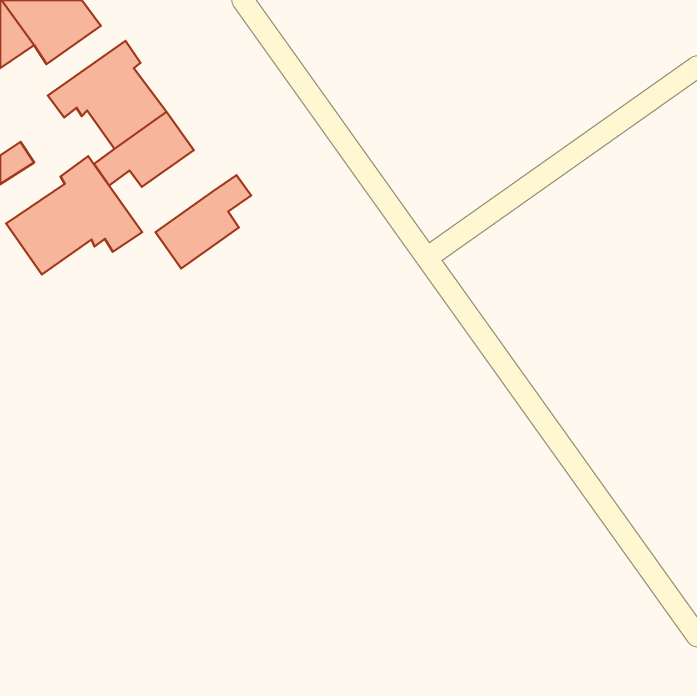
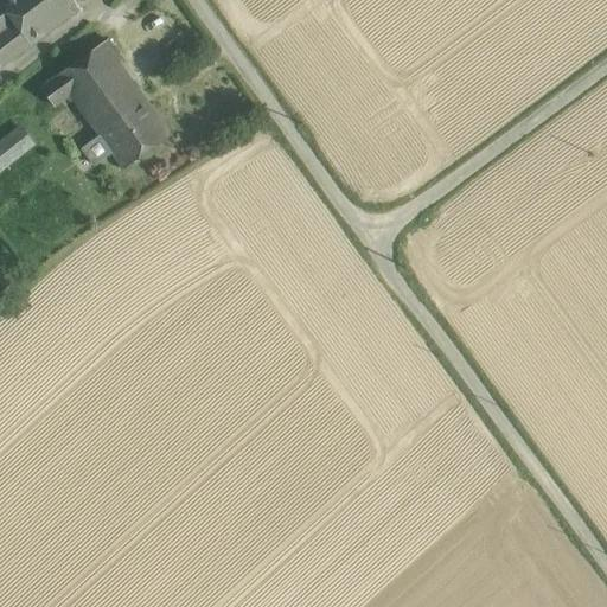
building: [6,156,142,274] -> none
building: [156,175,251,268] -> none

